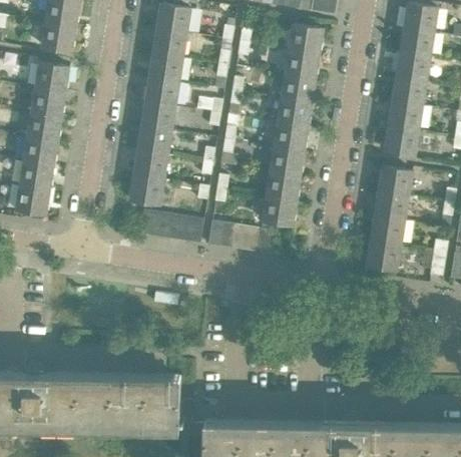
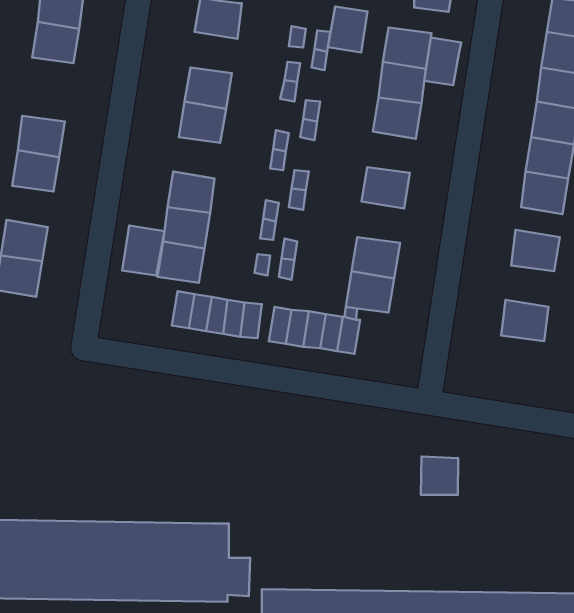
building: none -> [328,6,367,52]
building: [152,29,185,58] -> none
building: none -> [424,38,461,85]
building: [34,63,67,92] -> none
building: [277,99,311,128] -> none
building: [140,103,173,132] -> none
building: [23,137,56,166] -> none
building: [270,148,303,177] -> none
building: none -> [122,225,165,276]
building: [374,193,408,222] -> none
building: [367,243,401,272] -> none
building: none -> [421,456,458,495]

